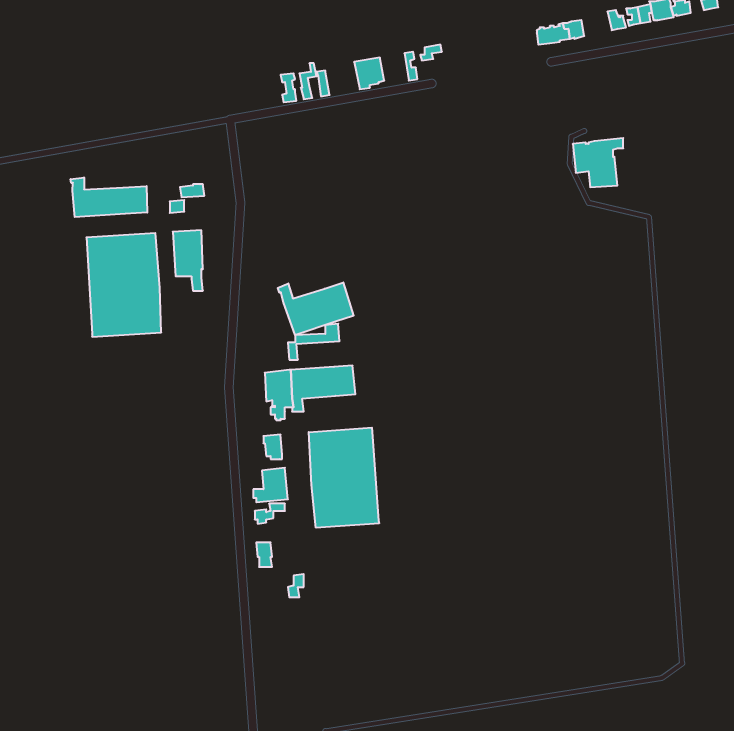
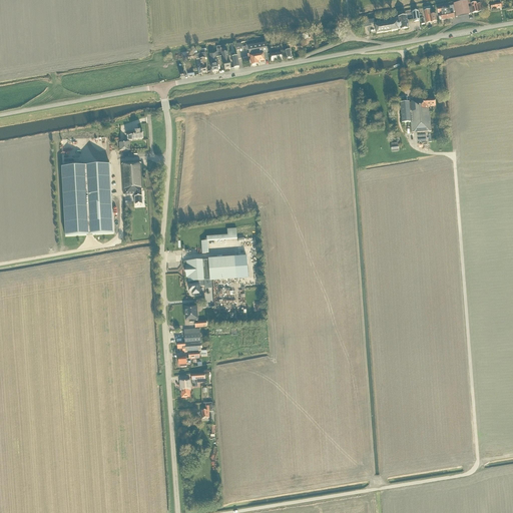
building: [71,177,147,217] -> none
building: [278,282,354,335] -> none
building: [309,428,379,528] -> none

